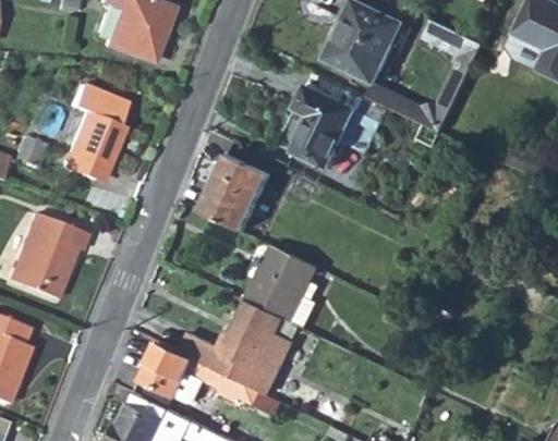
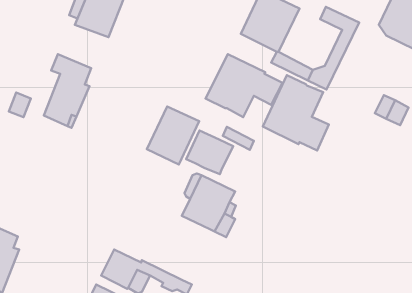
building: none -> [263,75,329,150]
building: none -> [186,130,233,174]
building: [9,212,84,296] -> none
building: [179,299,293,395] -> none

